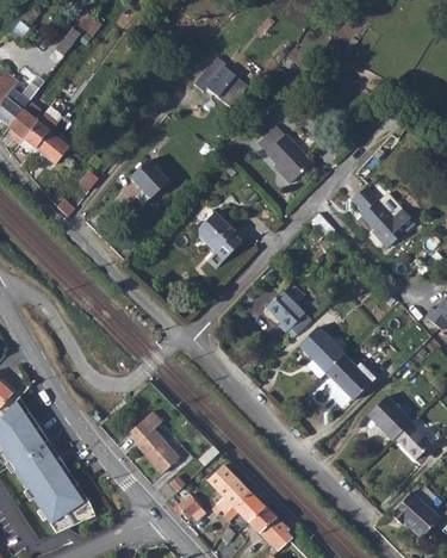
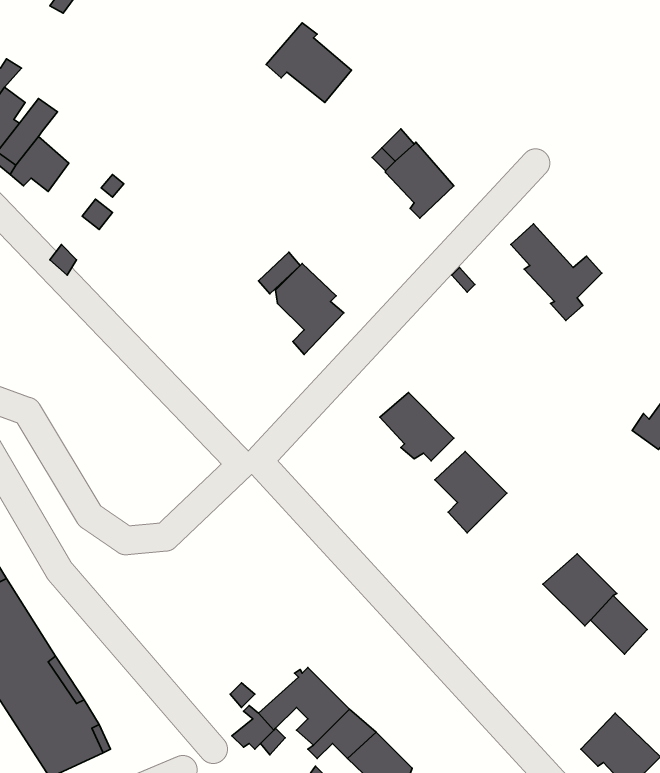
building: [129,157,164,194] -> none
building: [325,354,375,402] -> none
building: [128,410,179,471] -> none

